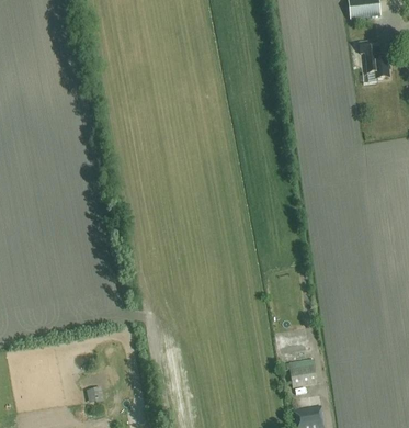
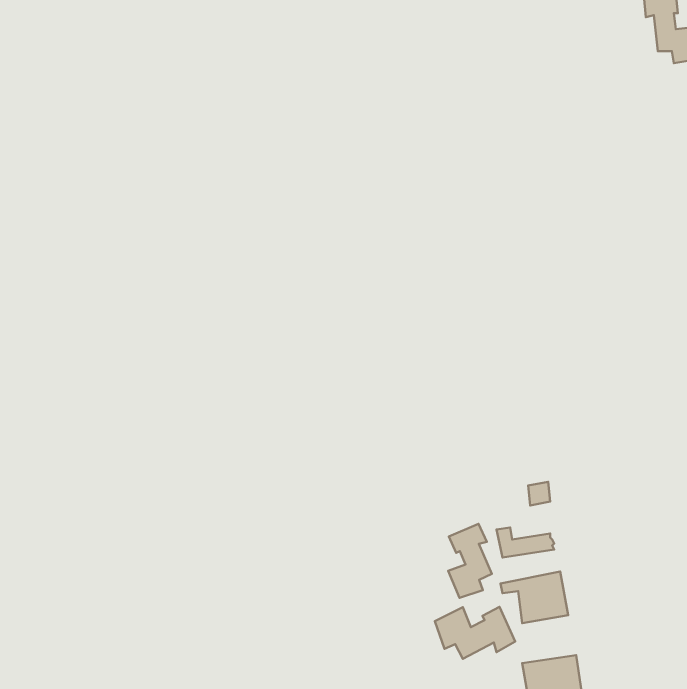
building: none -> [448,524,492,598]
building: none -> [435,607,515,659]

